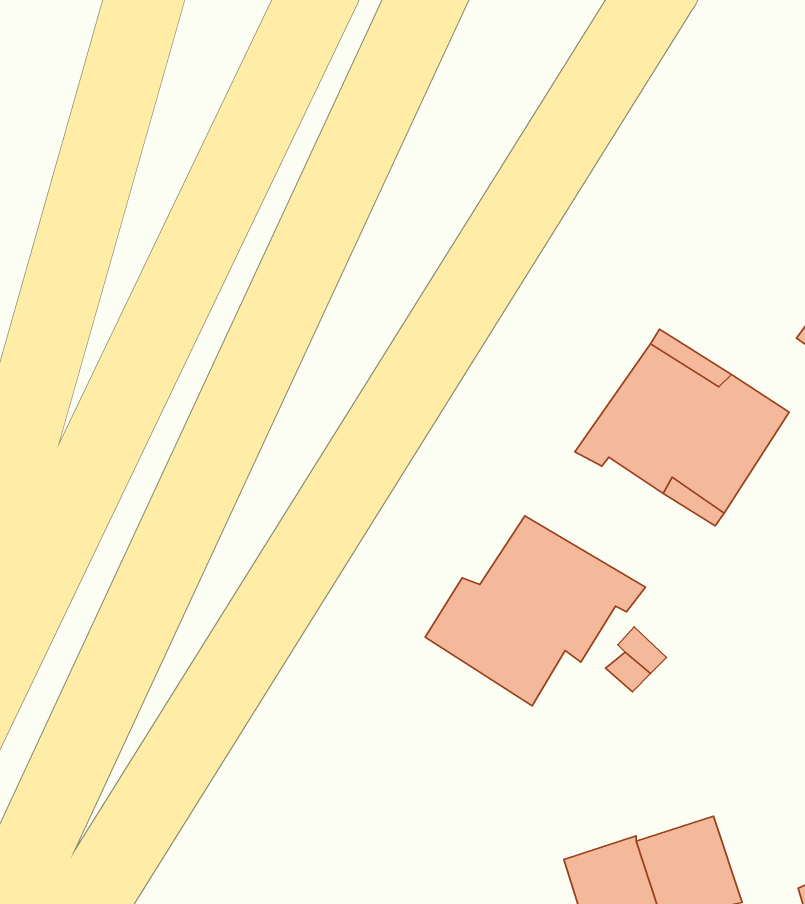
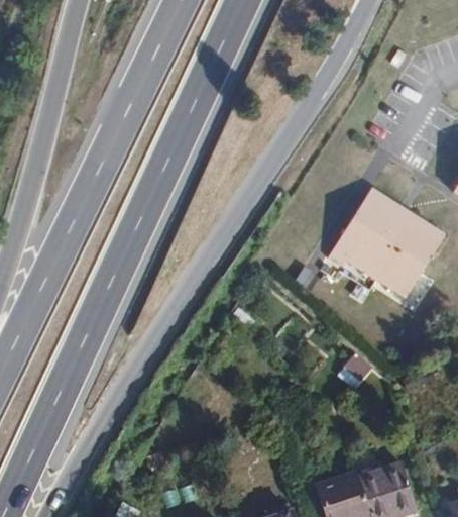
building: [425,516,645,706] -> none

